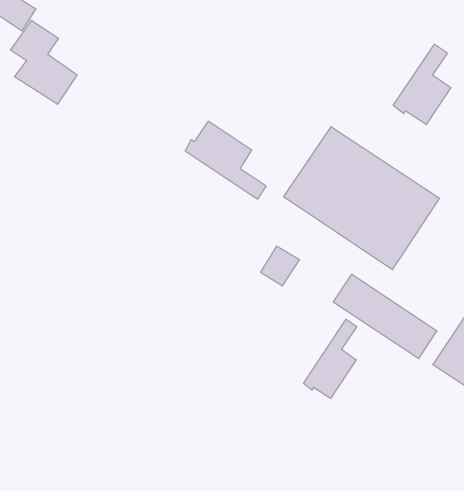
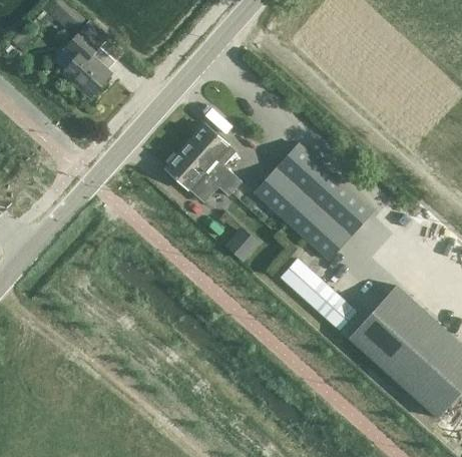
building: [393,44,451,125] -> none
building: none -> [164,145,235,209]
building: [304,319,357,398] -> none

